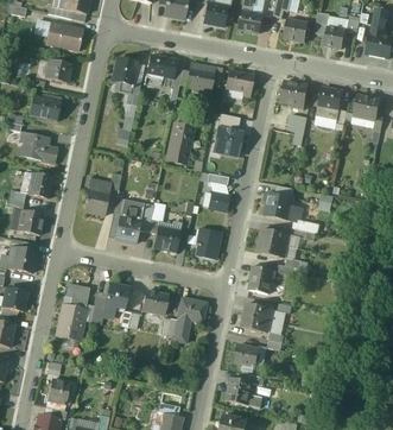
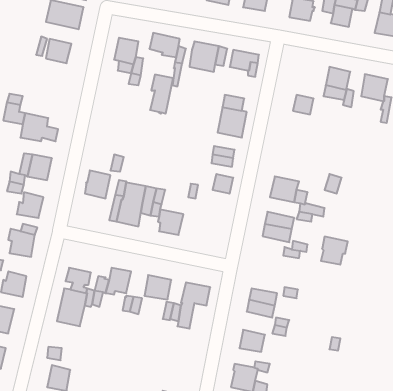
building: [280,81,308,109] -> none
building: [28,96,61,120] -> none
building: [171,122,194,160] -> [150,75,173,114]
building: [196,227,221,259] -> none
building: [249,265,275,292] -> [321,237,348,265]

